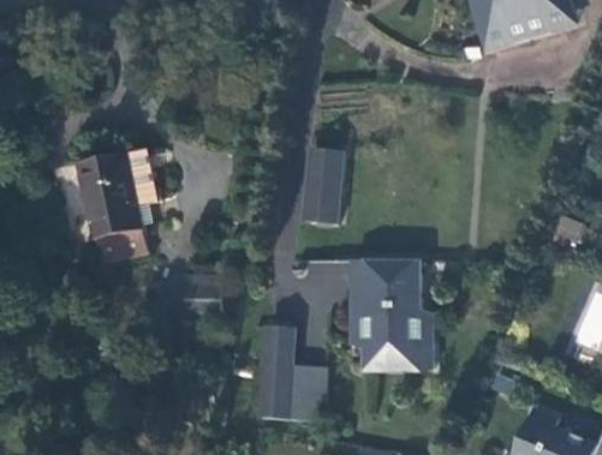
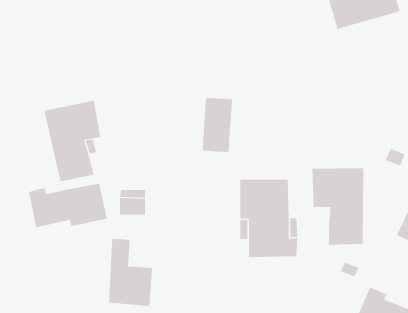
building: none -> [312,167,364,245]
building: none -> [28,183,108,228]
building: [262,327,324,421] -> [108,238,153,306]

